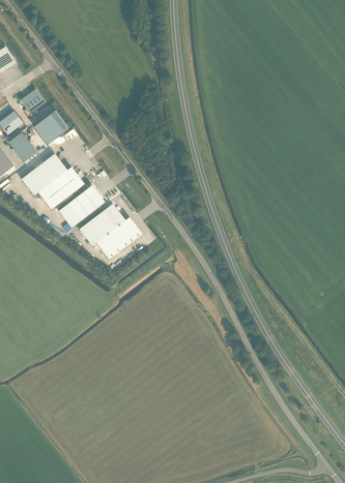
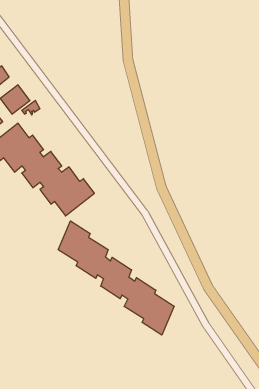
building: none -> [58,221,174,335]

